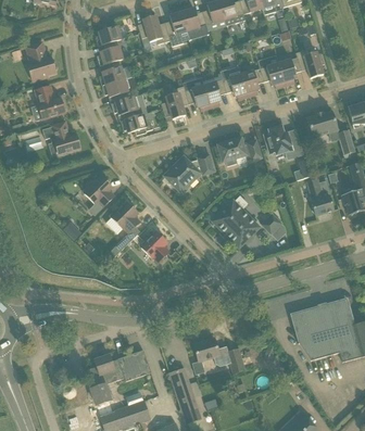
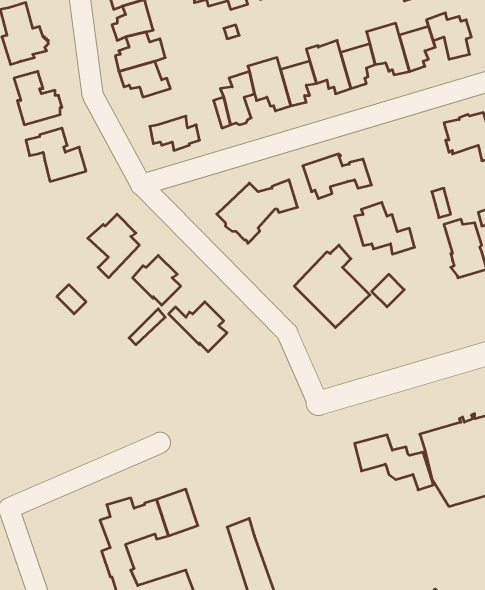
building: [111,94,147,119] -> none
building: [264,126,302,159] -> [354,202,415,254]
building: [193,339,243,373] -> [355,435,434,490]

